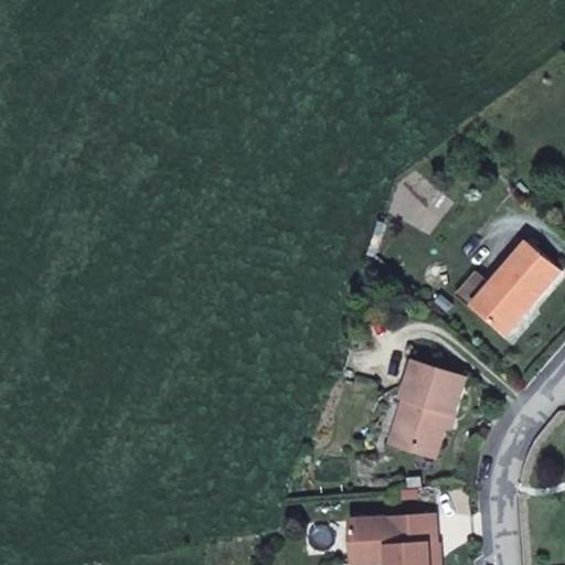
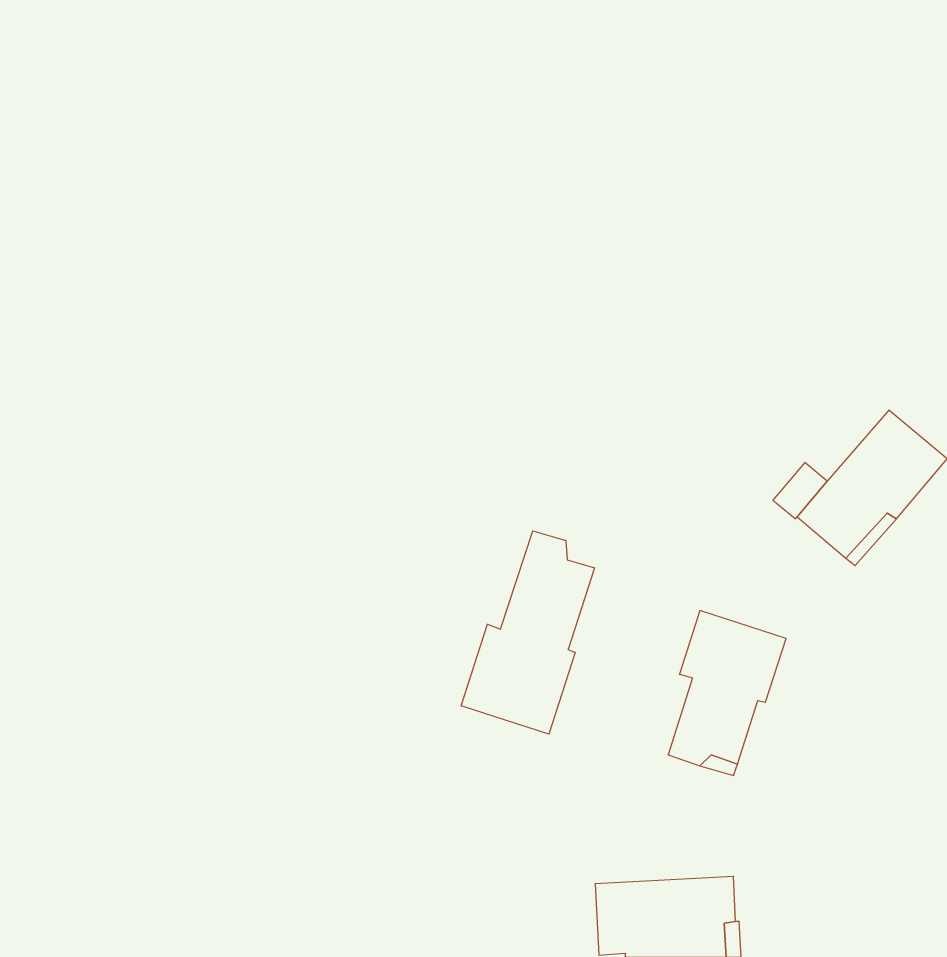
building: none -> [461,531,594,734]

